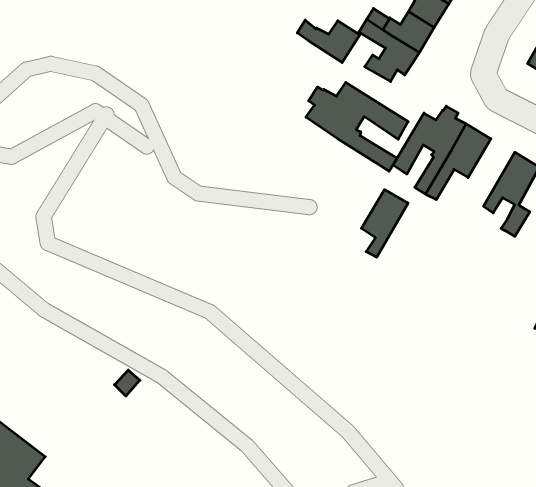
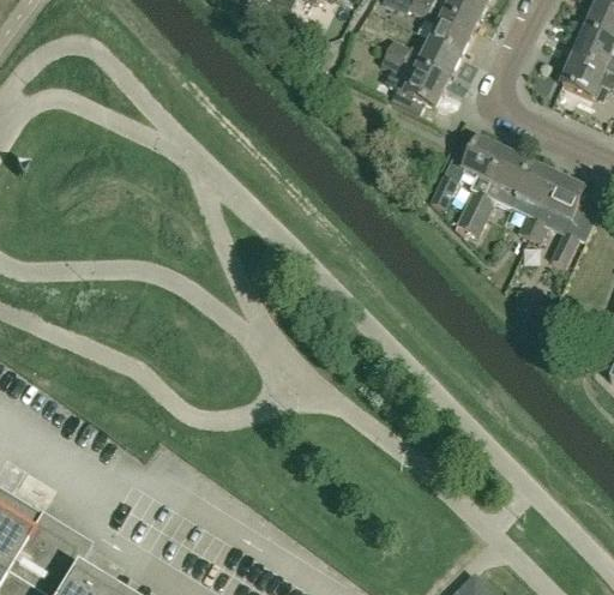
building: [297,20,360,63] -> none
building: [306,82,408,171] -> none
building: [361,190,408,257] -> [511,163,558,235]

